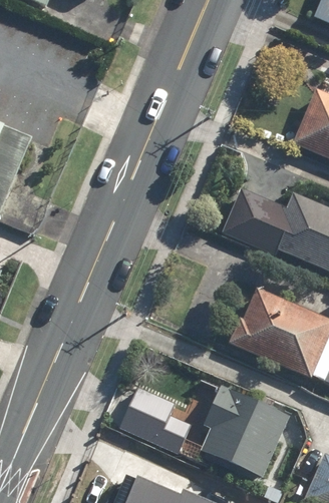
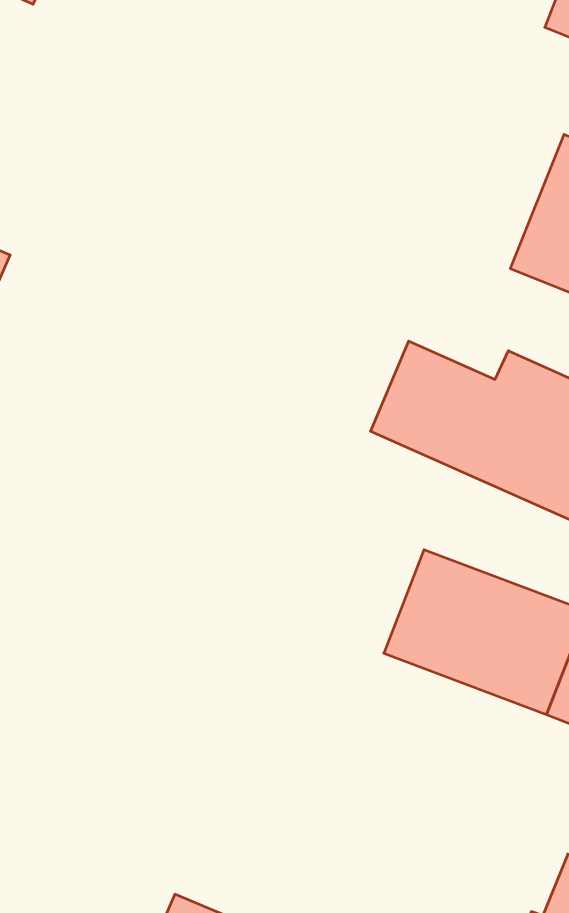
building: [201,383,293,474] -> none
building: [119,386,178,442] -> none

